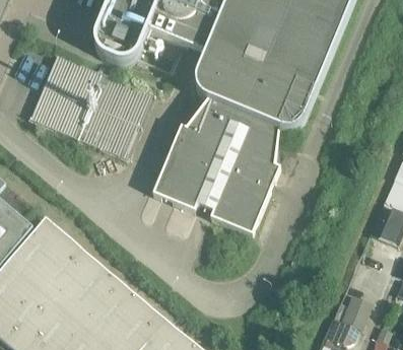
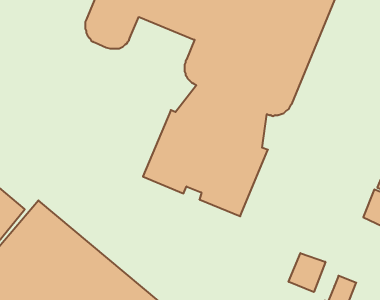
building: [27,52,153,157] -> none
building: none -> [289,253,325,292]

